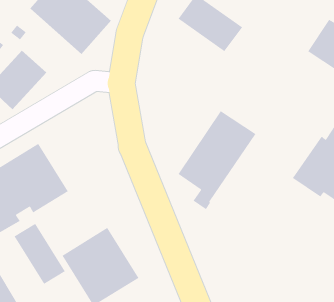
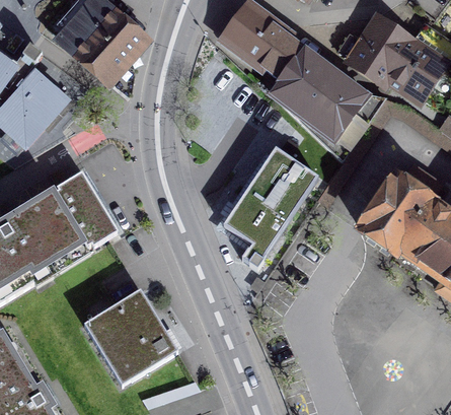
building: none -> [337,18,404,75]
building: none -> [269,46,384,157]
building: [14,223,66,285] -> [55,169,118,245]

